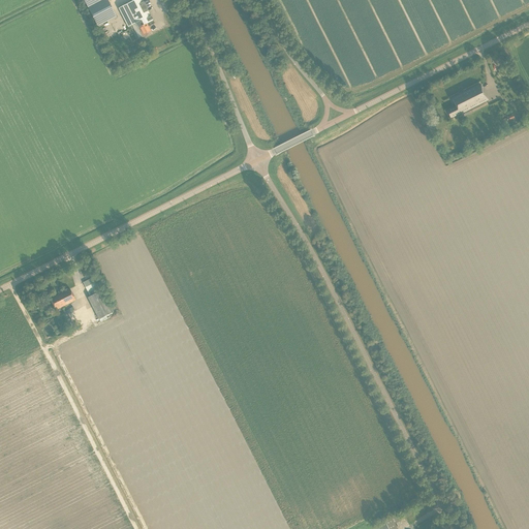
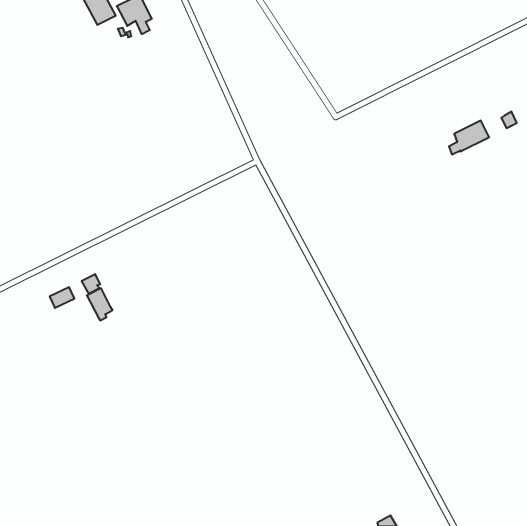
building: [446,83,487,117] -> [449,121,489,155]

